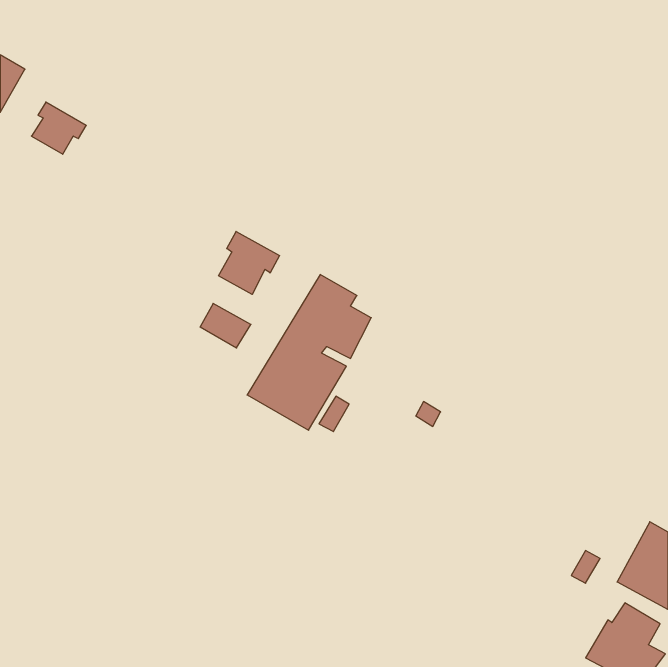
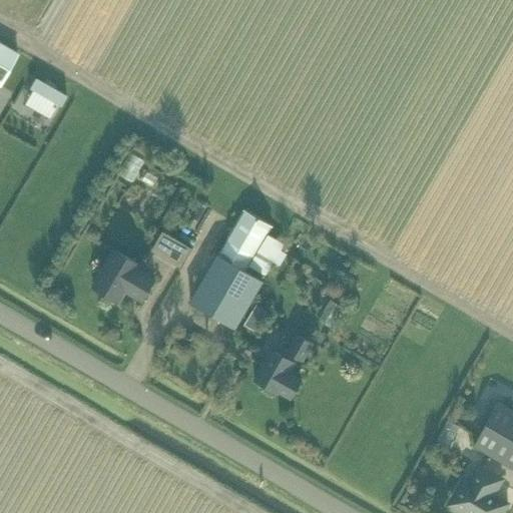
building: [219,231,280,294] -> none
building: none -> [94,250,155,303]
building: none -> [253,336,313,400]

